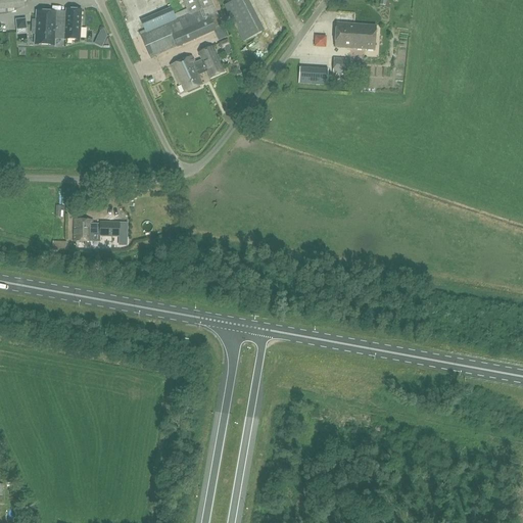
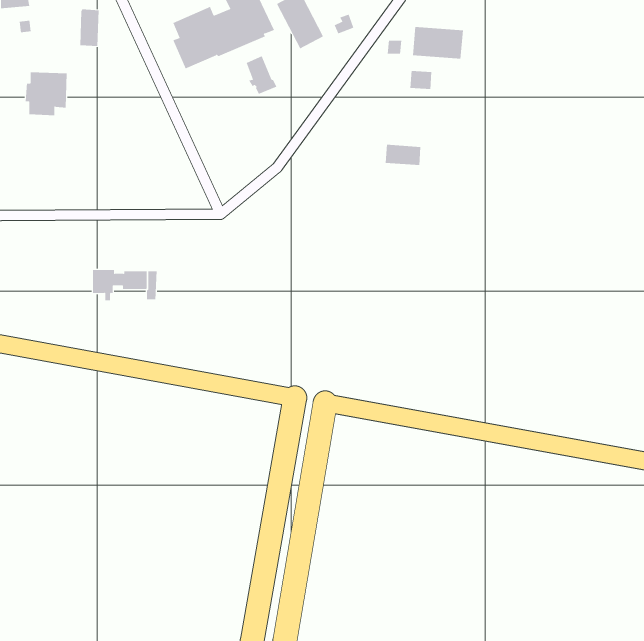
building: [31,8,65,44] -> [25,72,68,116]
building: [171,55,204,90] -> none
building: [298,65,328,83] -> [385,144,421,166]

